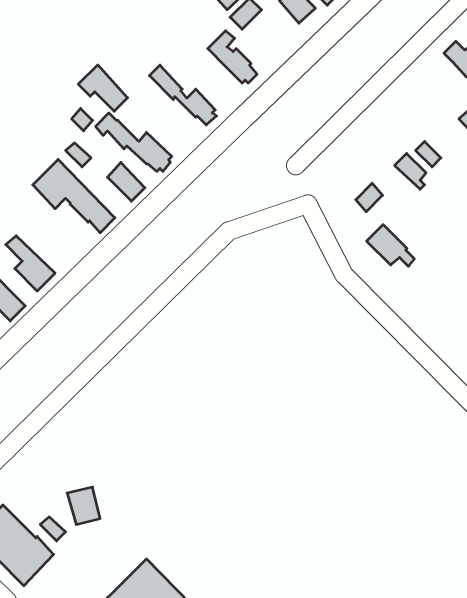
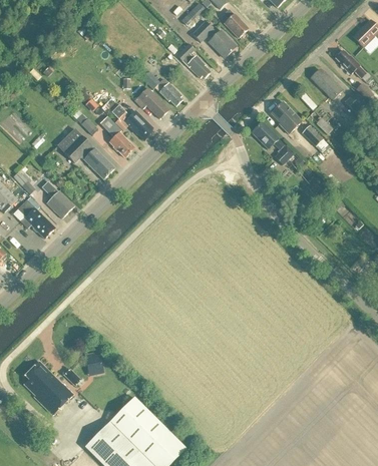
building: none -> [208,29,235,56]
building: [78,65,128,111] -> [134,86,167,117]
building: none -> [310,68,342,98]
building: none -> [270,100,301,132]
building: [367,225,414,266] -> [251,120,283,148]

